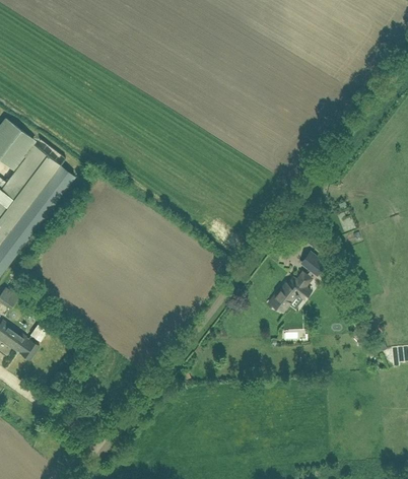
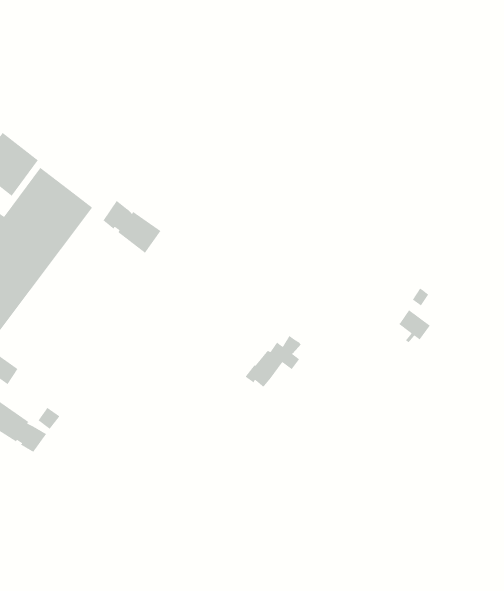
building: none -> [103,200,161,254]
building: [269,273,312,313] -> [244,335,301,388]

